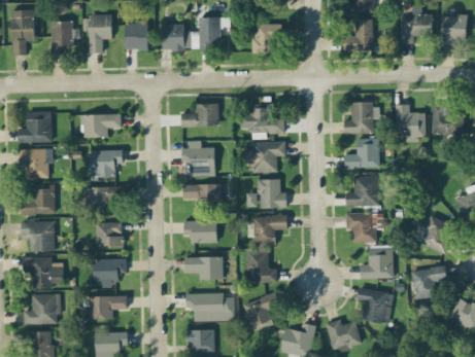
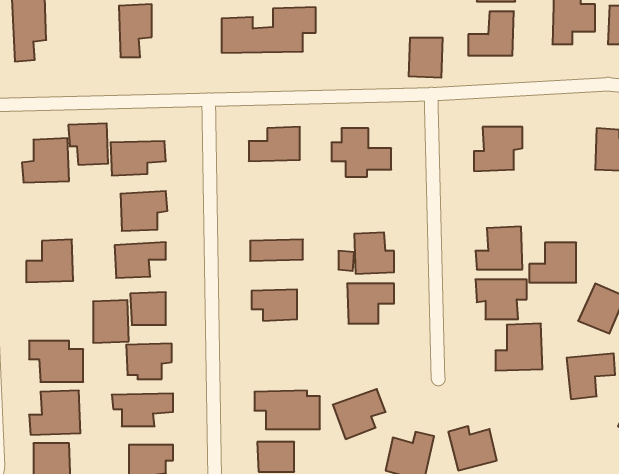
building: [50,21,72,55] -> none
building: [125,24,147,49] -> none
building: [253,24,278,52] -> [409,38,443,78]
building: [395,104,426,142] -> none
building: [345,139,379,168] -> [529,243,576,283]
building: [181,141,214,176] -> none
building: [242,142,285,173] -> none
building: [19,148,47,178] -> [68,123,108,165]
building: [29,221,55,252] -> [93,300,129,343]
building: [246,251,276,283] -> none
building: [184,256,223,280] -> none
building: [357,288,394,324] -> none

